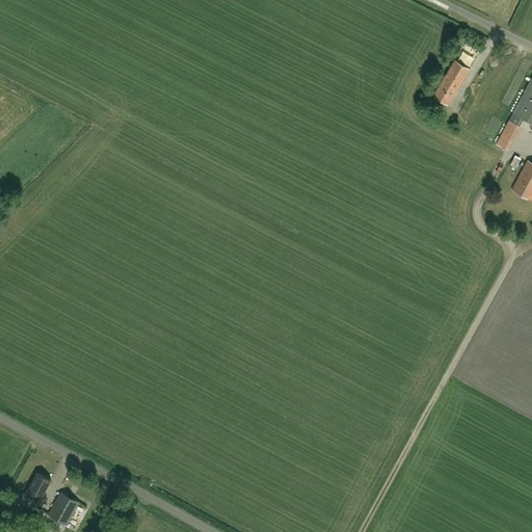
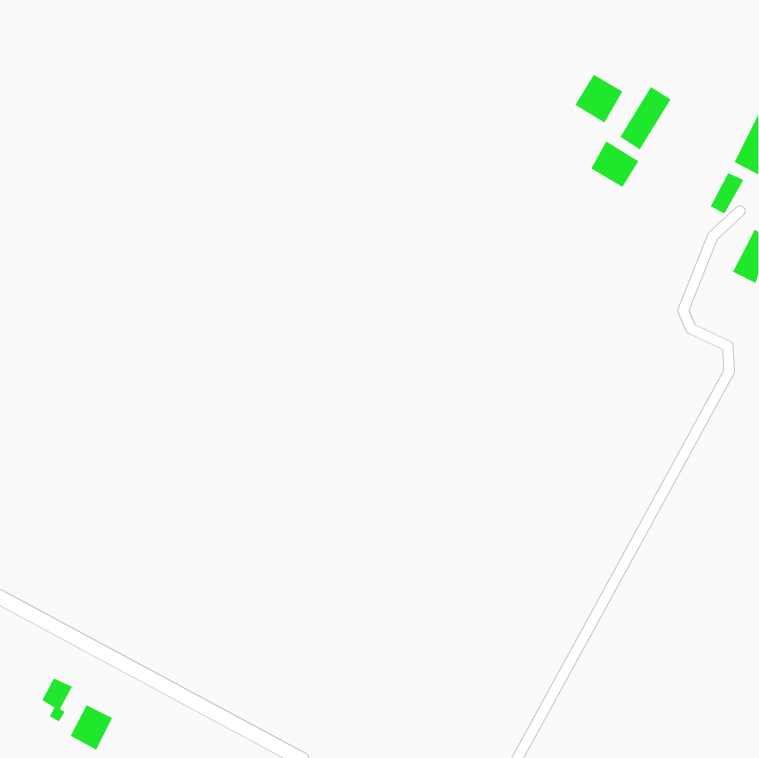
building: none -> [575,74,623,124]
building: none -> [590,140,639,188]

